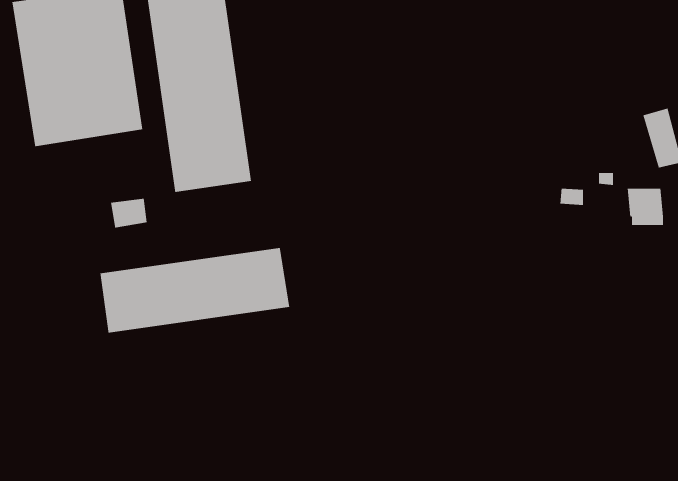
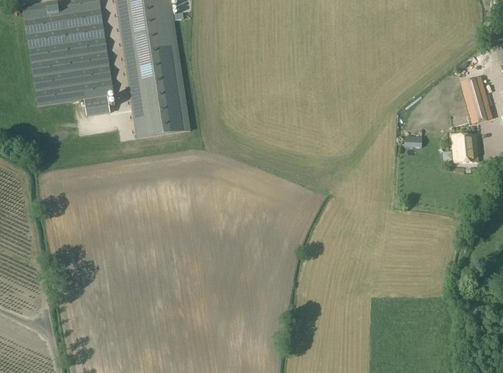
building: [110,198,147,228] -> [84,96,110,117]
building: [100,247,290,334] -> none

